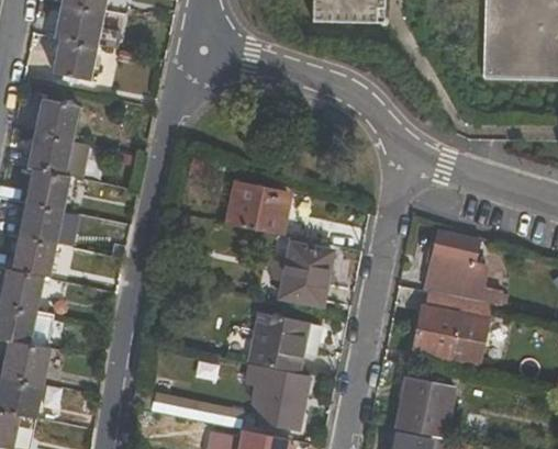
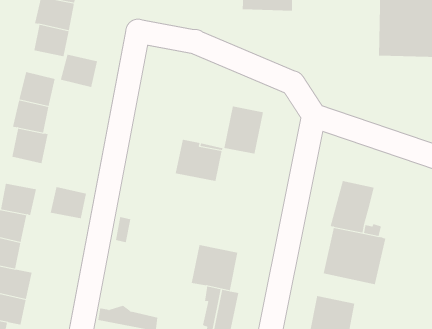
building: none -> [60,54,98,88]
building: [18,204,64,245] -> [50,186,87,219]
building: [282,244,333,304] -> [223,106,264,154]

